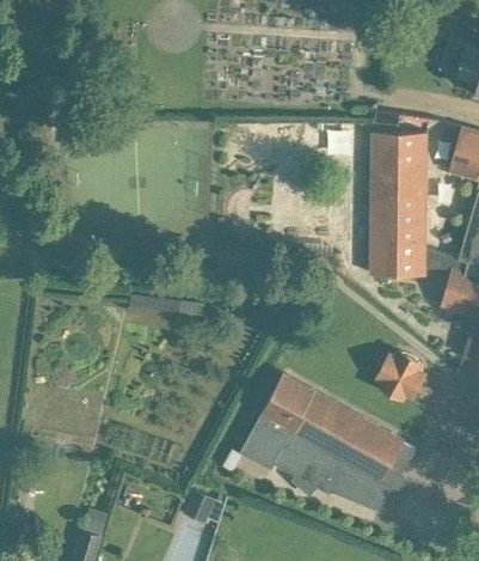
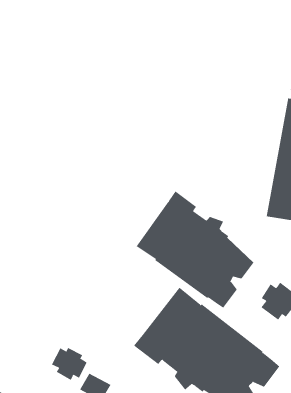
building: none -> [136,191,254,309]
building: none -> [51,347,87,381]

